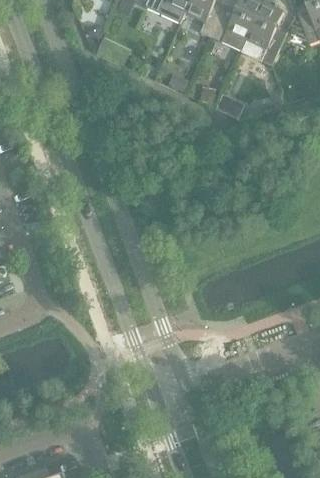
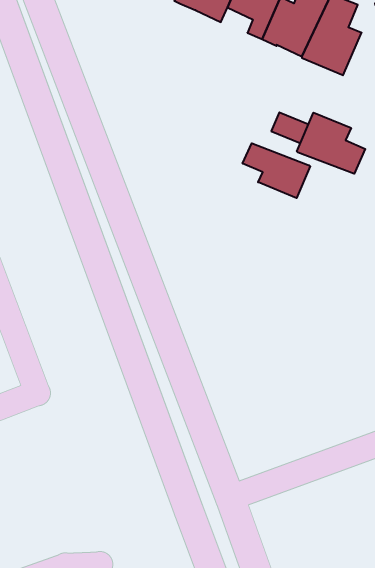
building: none -> [297,113,365,174]
building: none -> [243,143,310,198]

